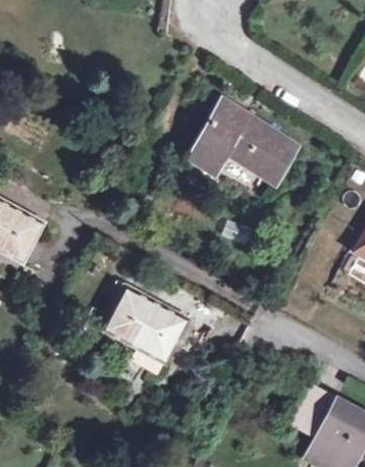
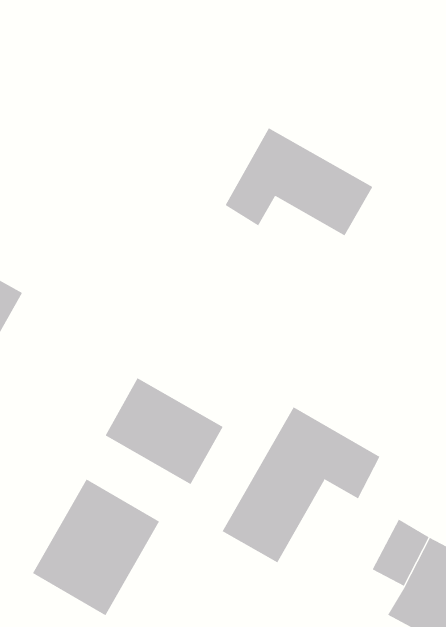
building: none -> [222,407,380,563]
building: none -> [32,478,160,616]

